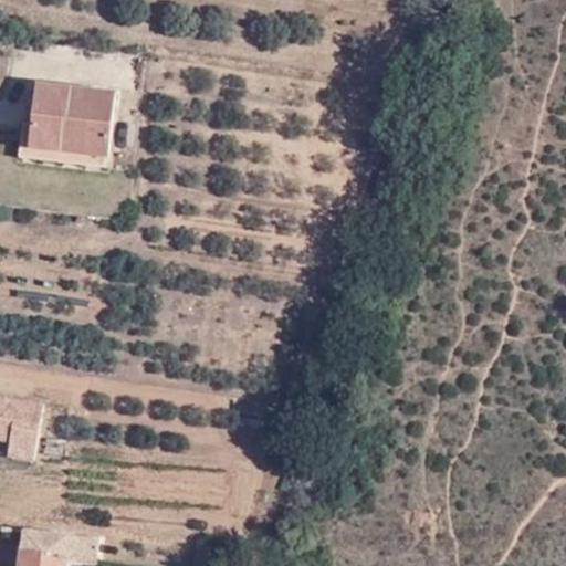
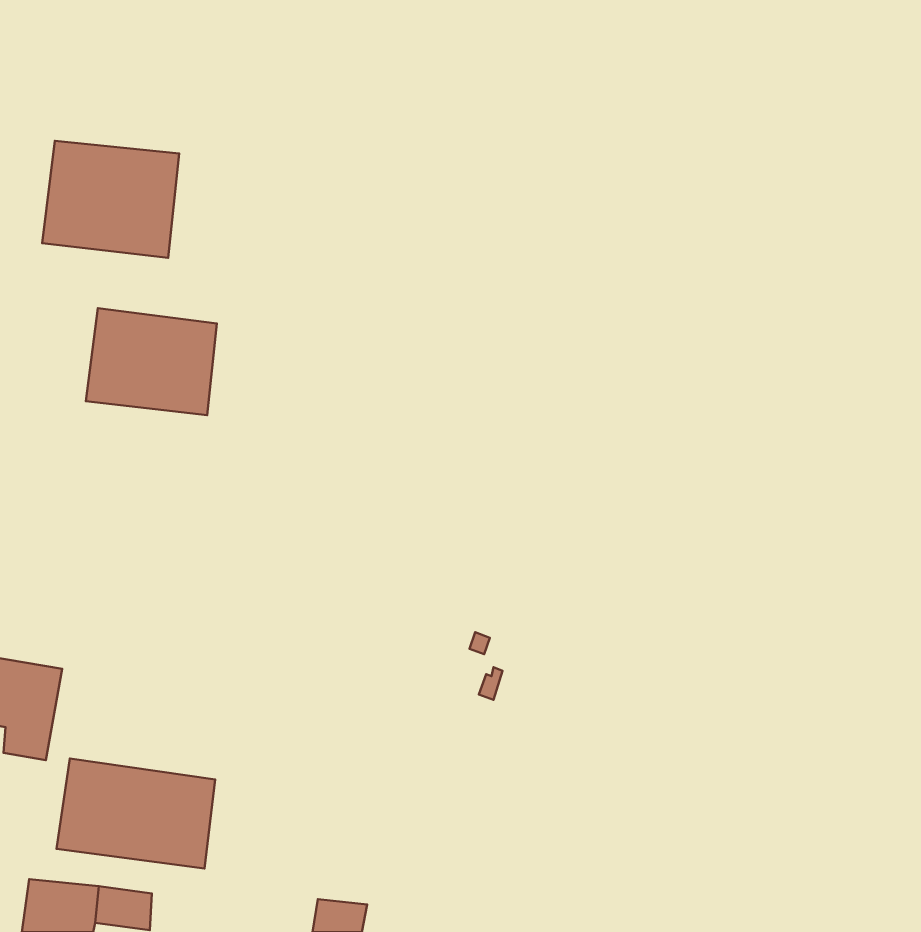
building: none -> [86,308,217,415]
building: none -> [57,759,215,869]

